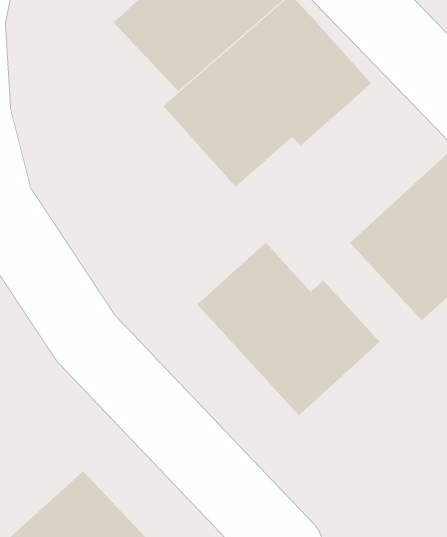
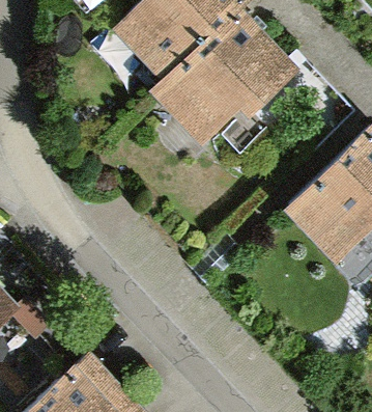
building: [196,242,380,416] -> none

